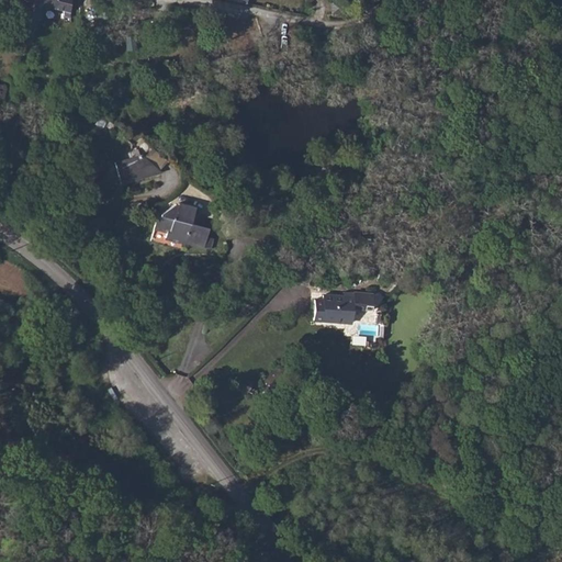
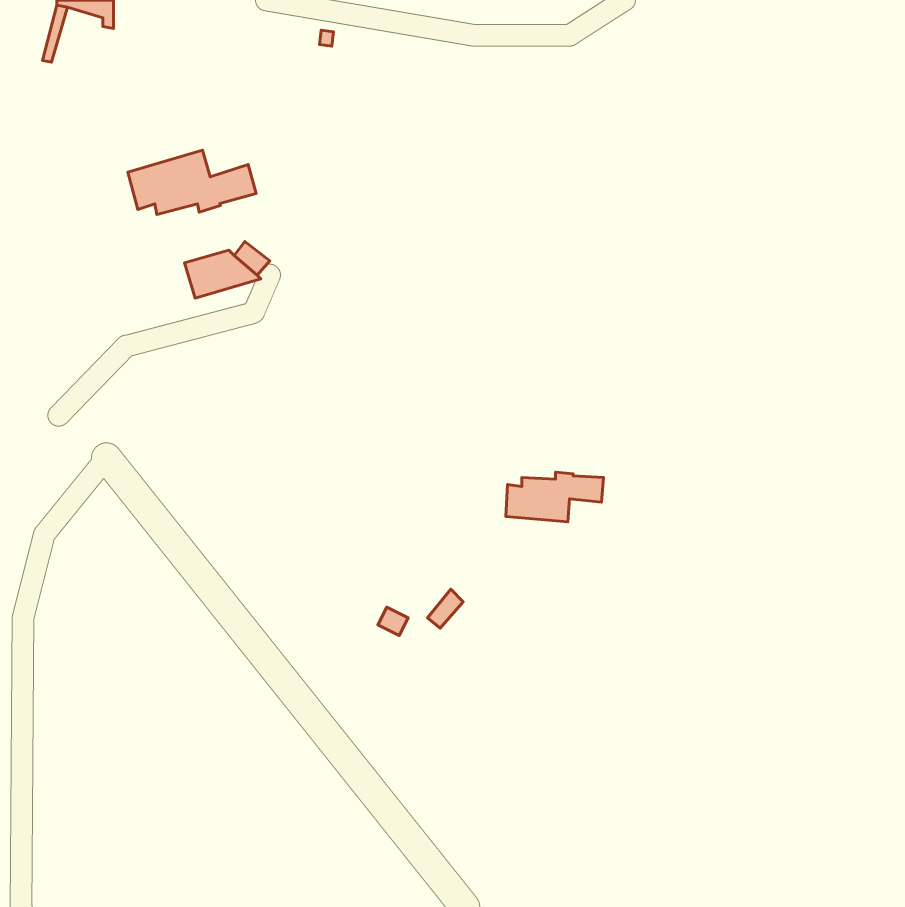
building: none -> [128,150,256,214]
building: [155,203,214,249] -> none

